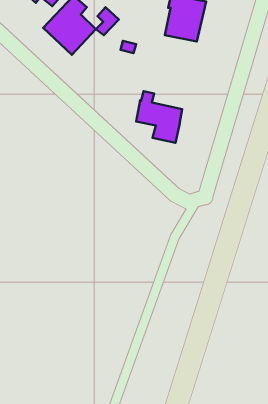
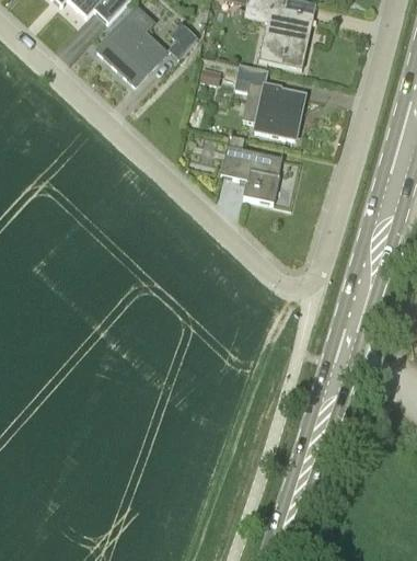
building: none -> [233,64,305,138]

